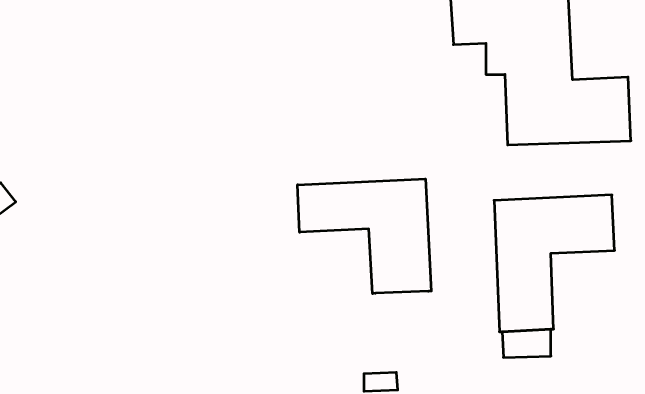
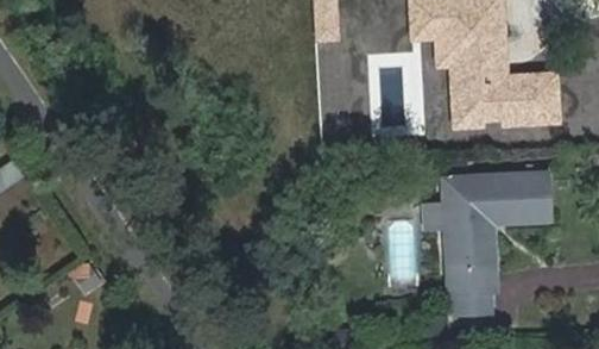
building: [298,179,431,294] -> none

